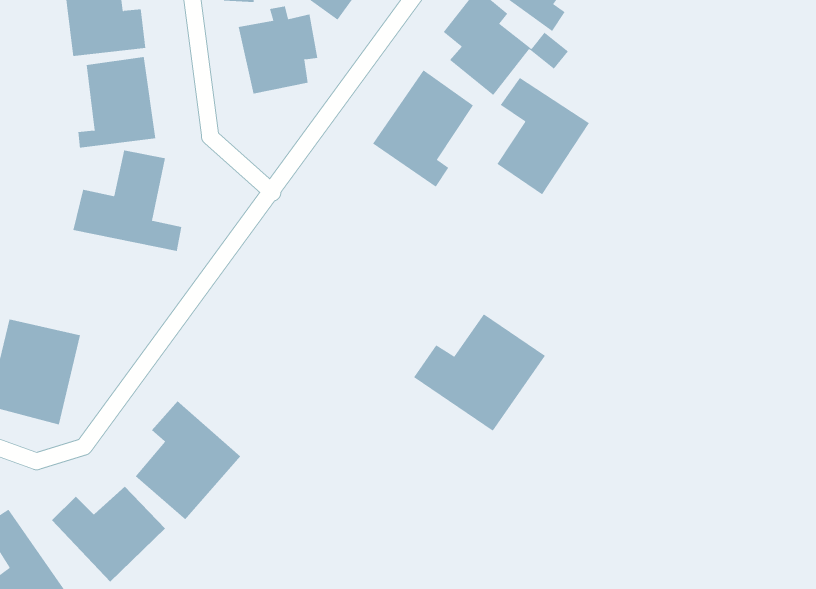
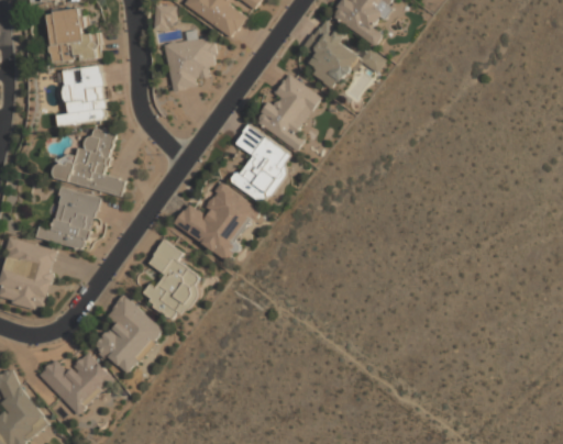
building: [497,77,590,195] -> [231,123,294,202]
building: none -> [36,186,99,249]
building: [413,313,546,431] -> [172,180,261,259]
building: none -> [139,237,201,318]

